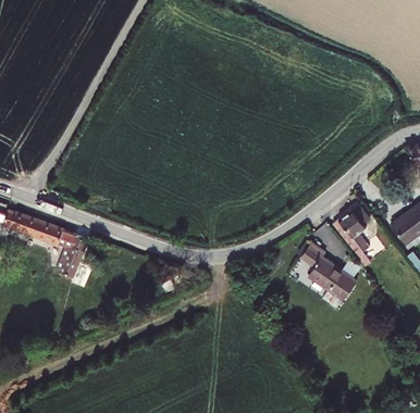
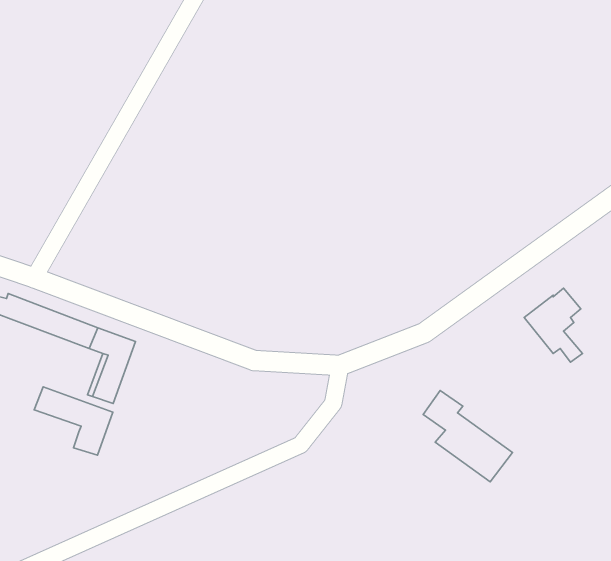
building: [300,242,357,300] -> [423,391,513,482]
building: none -> [34,387,113,455]

